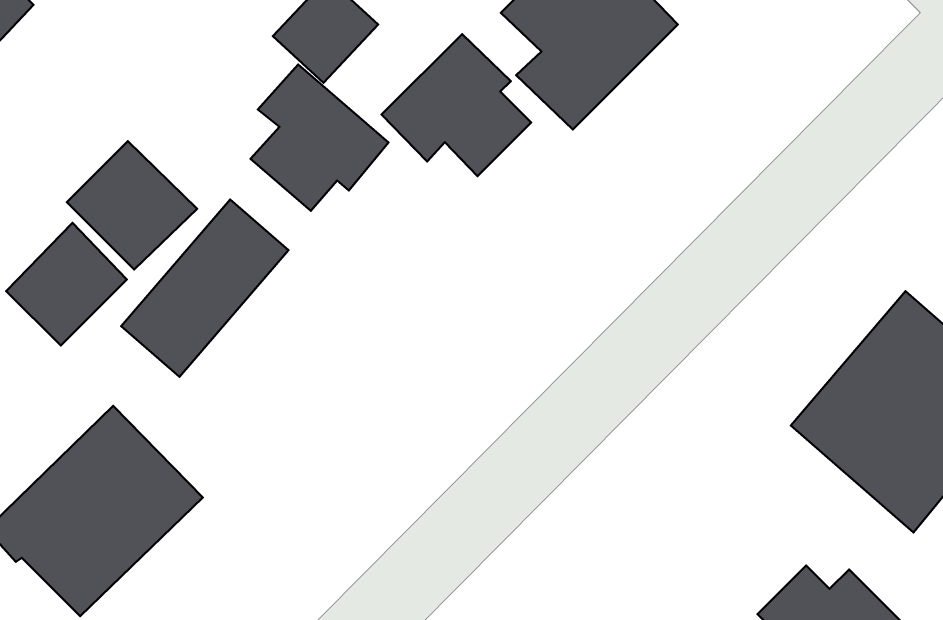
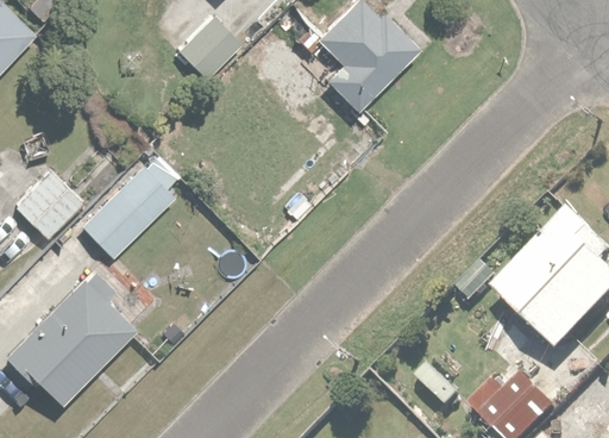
building: [382,34,531,176] -> none
building: [251,65,389,211] -> none
building: [67,141,197,270] -> none

